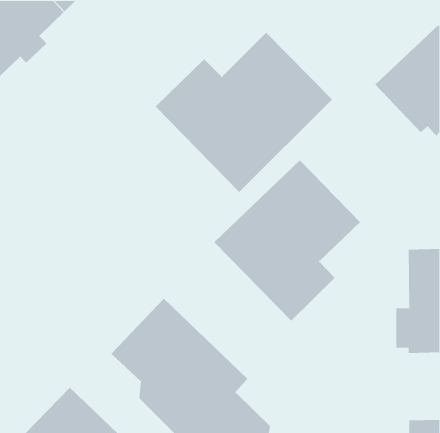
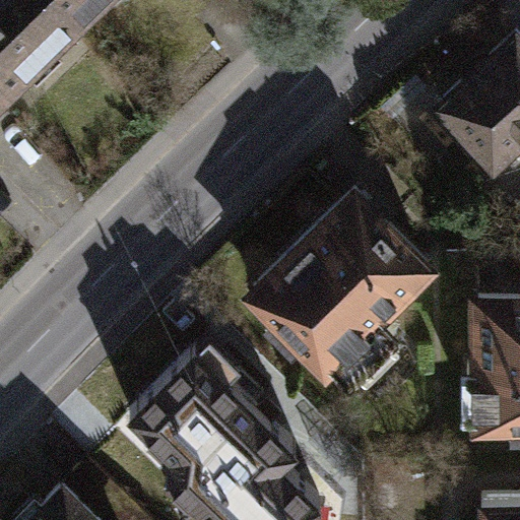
building: [155,32,333,193] -> none

